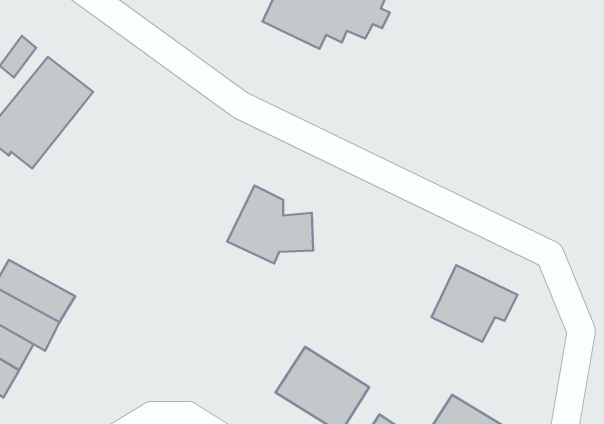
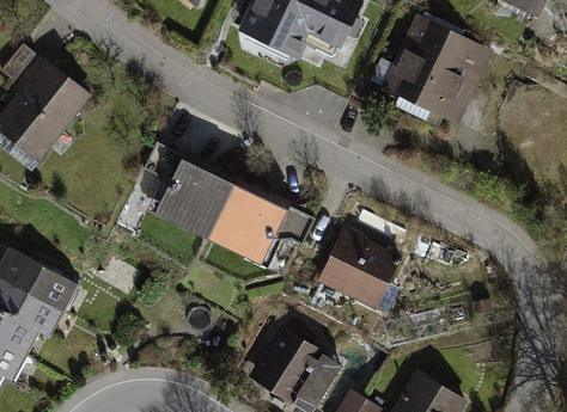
building: none -> [390,23,477,122]
building: none -> [156,156,237,233]
building: [432,265,517,342] -> [322,233,401,303]

